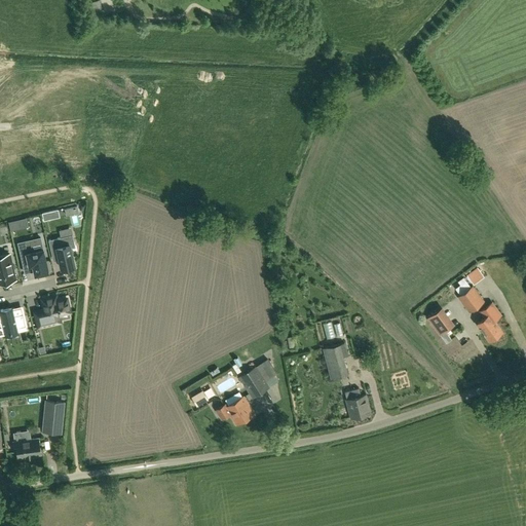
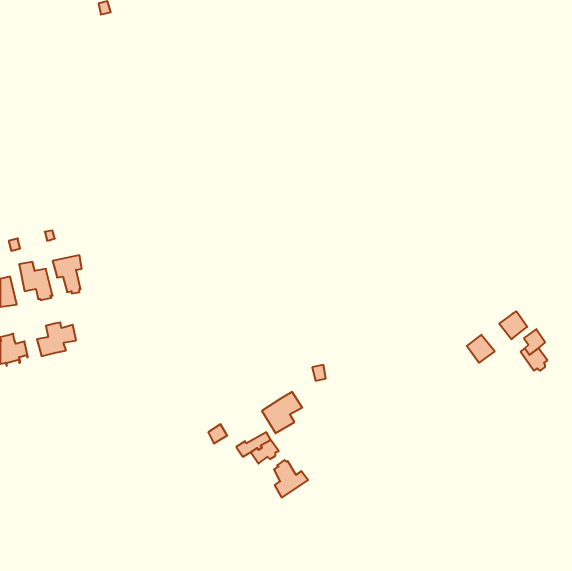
building: [323,343,348,379] -> none
building: [345,388,371,419] -> none
building: [43,402,64,434] -> none
building: none -> [274,460,308,498]
building: [13,439,41,458] -> none

